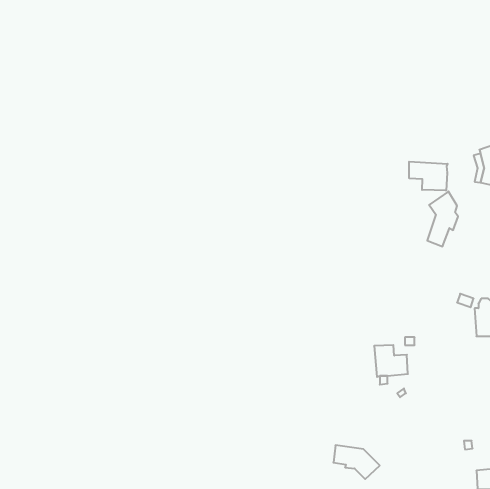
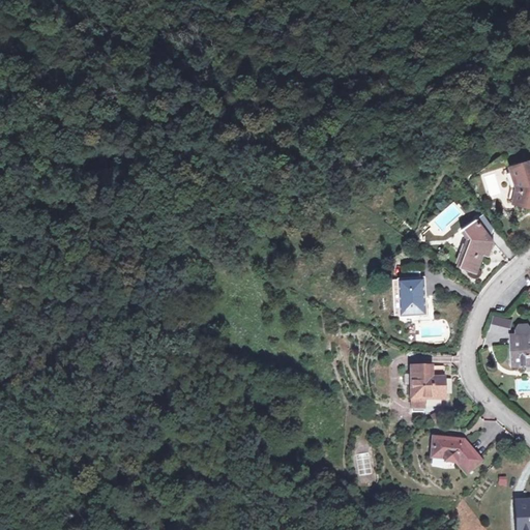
building: [409,162,448,191] -> none
building: none -> [396,283,421,319]
building: [333,445,380,479] -> [434,438,483,474]

